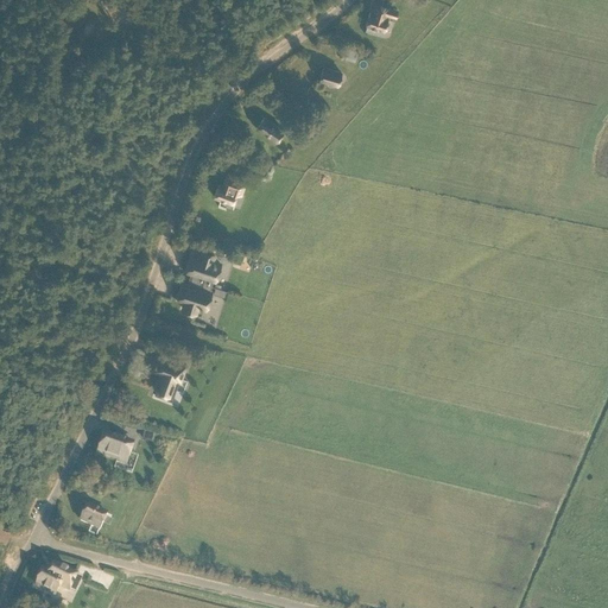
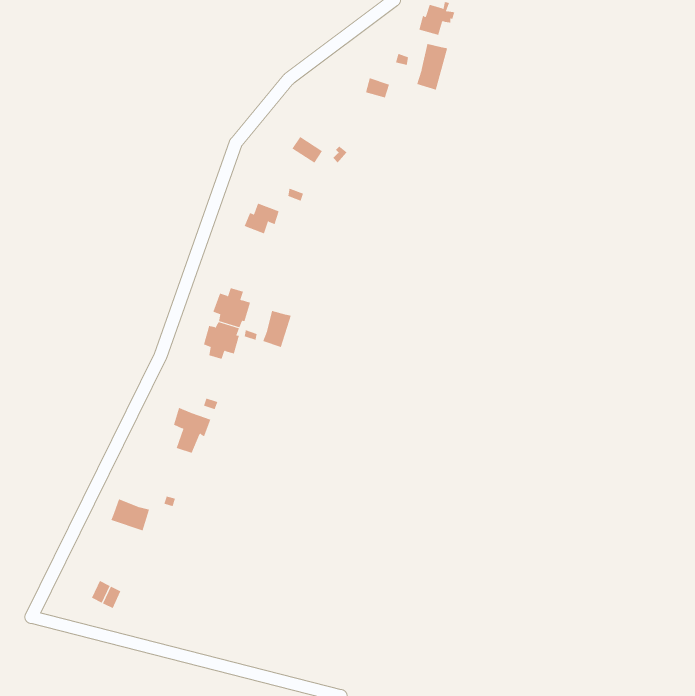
building: none -> [416,43,448,90]
building: none -> [262,310,291,348]
building: [34,565,72,596] -> none

